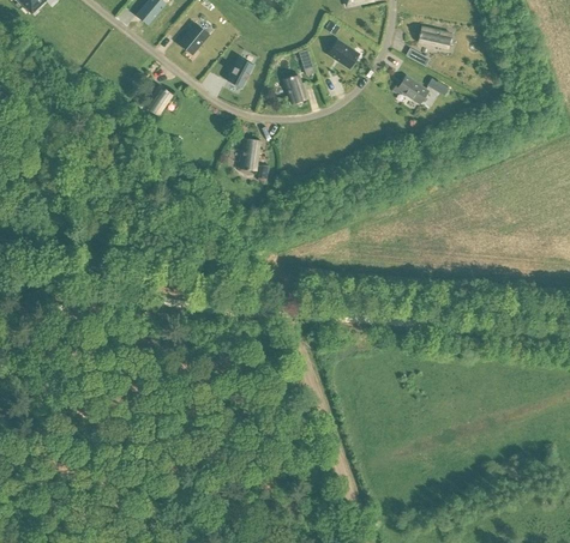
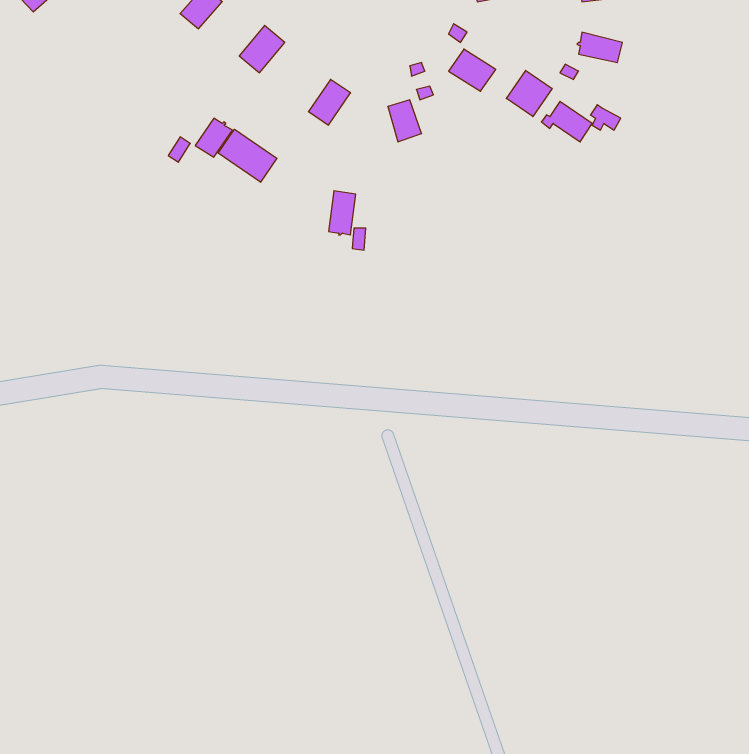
building: none -> [506,70,552,117]
building: none -> [218,129,277,182]

